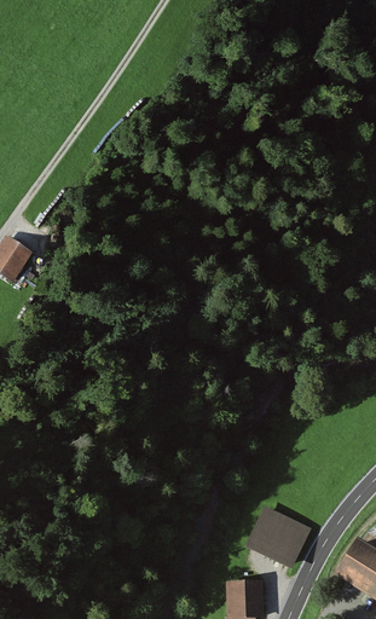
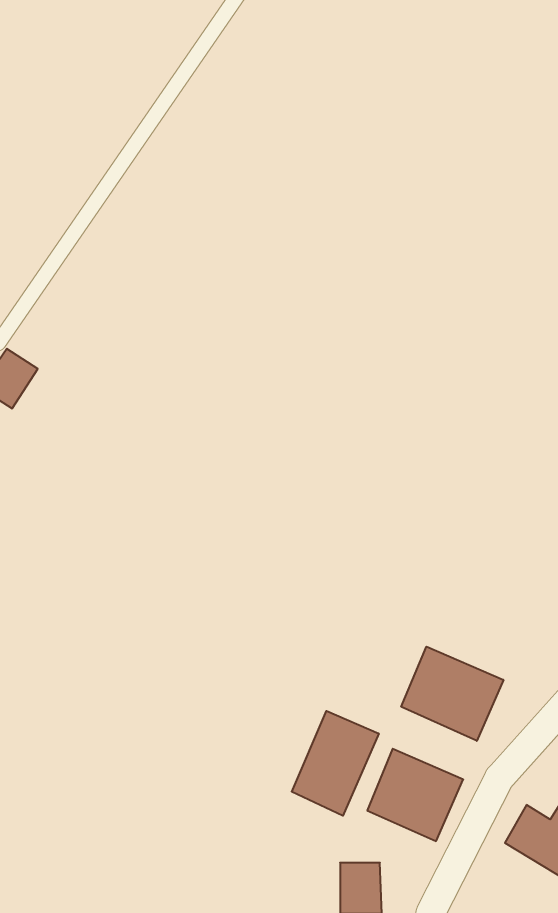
building: none -> [401,647,503,741]
building: none -> [292,711,379,816]

